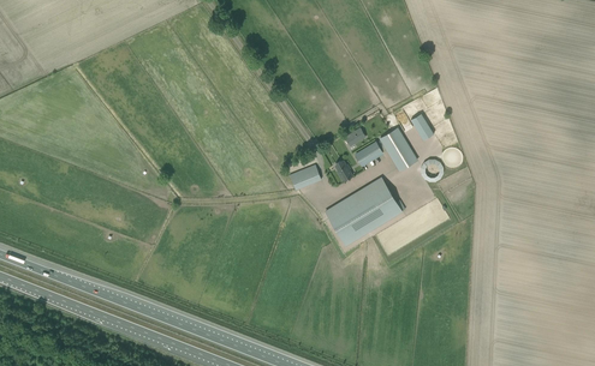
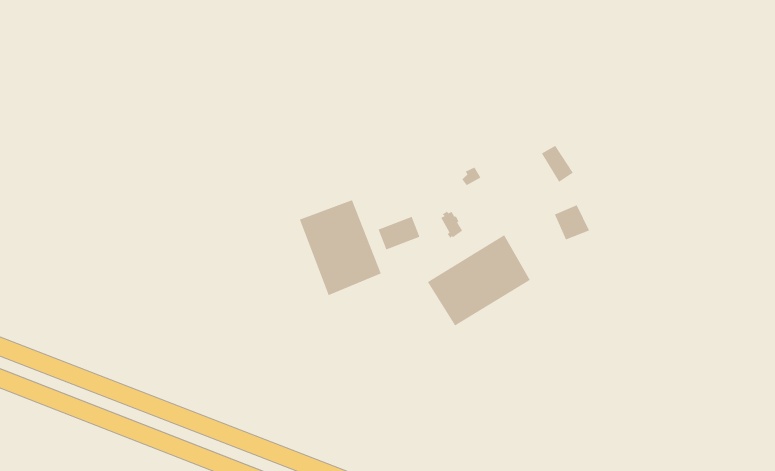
building: [355,128,417,170] -> none
building: none -> [299,199,382,296]

